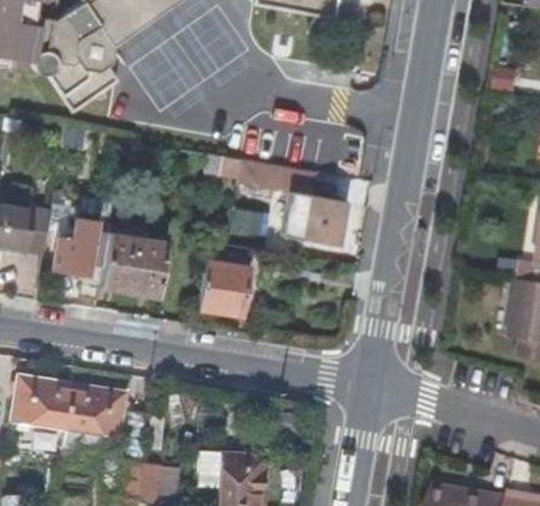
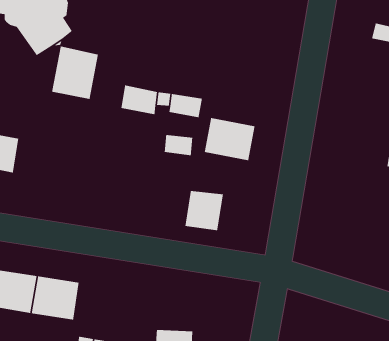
building: none -> [51,46,99,100]
building: [53,218,98,273] -> none
building: [100,230,168,293] -> none
building: [202,261,251,313] -> [184,190,224,231]

